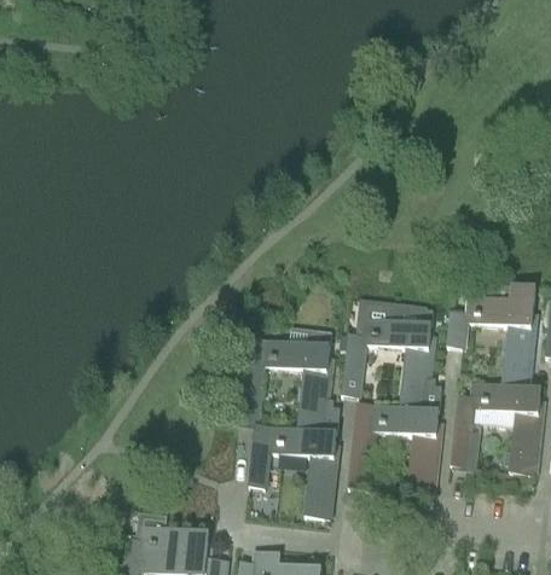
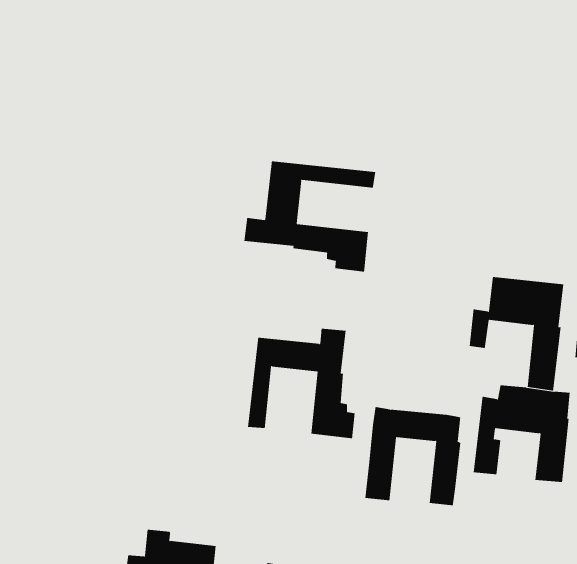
building: none -> [244,160,376,272]
building: [341,301,442,411] -> none
building: [249,422,338,517] -> none

